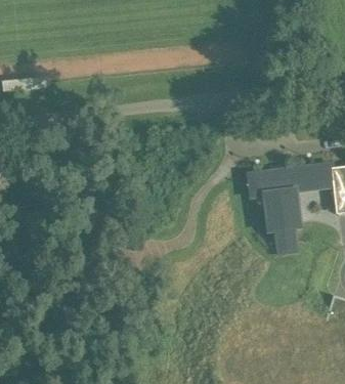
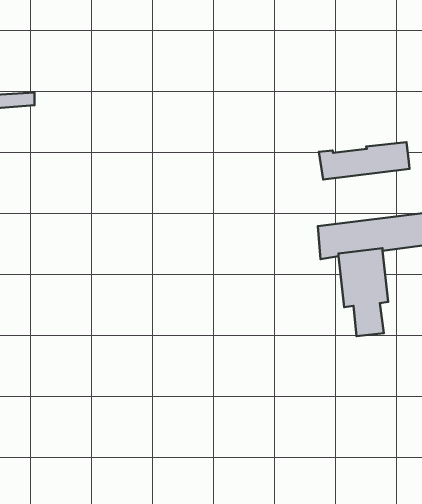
building: none -> [319,142,409,179]

